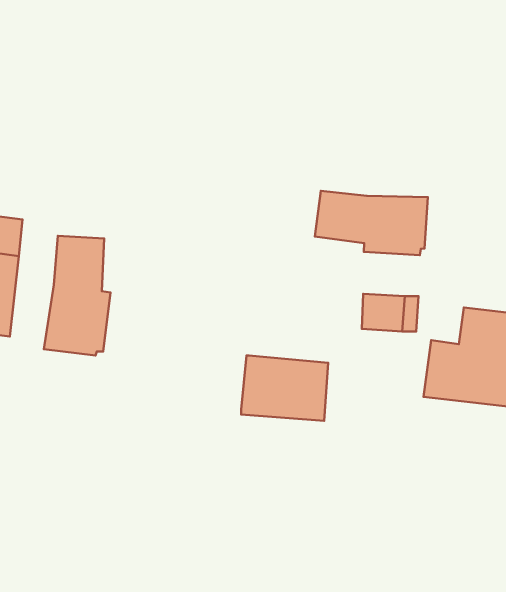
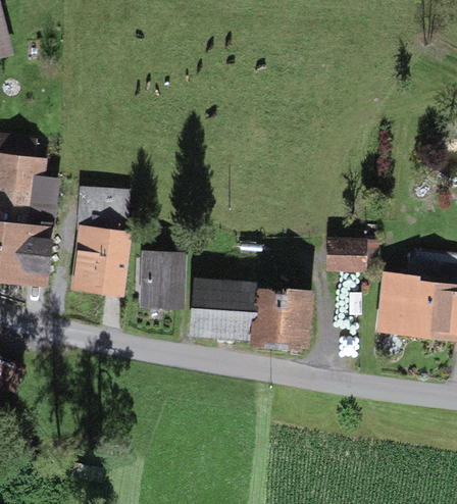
building: [315,191,428,255] -> none
building: none -> [133,257,184,304]
building: none -> [196,287,241,336]

